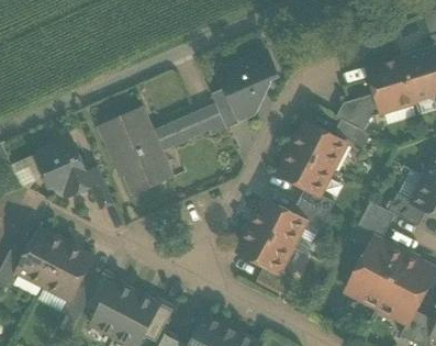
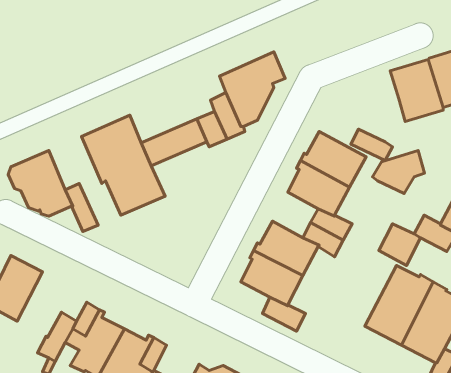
building: [336,93,381,131] -> [373,150,424,193]
building: [44,244,93,301] -> none

